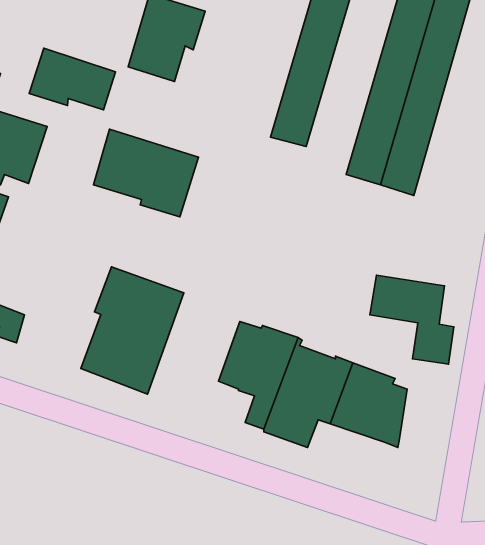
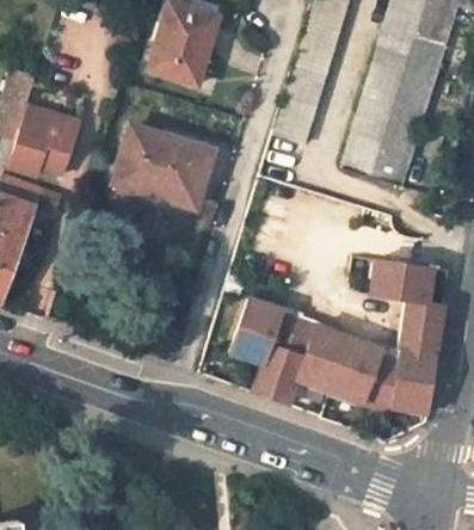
building: [29,48,115,110] -> none
building: [81,267,184,394] -> none
building: none -> [390,333,436,417]

